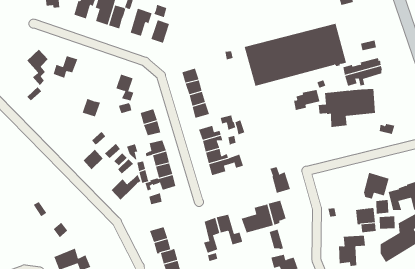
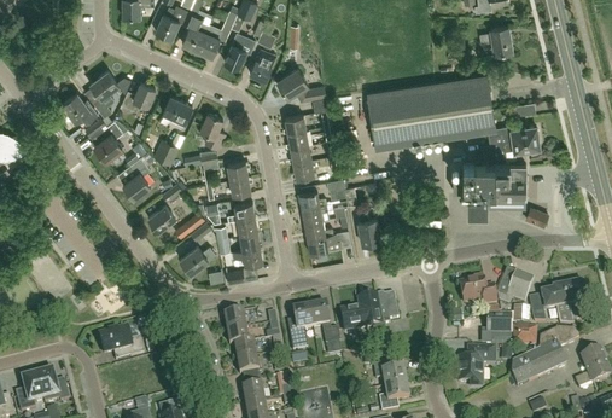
building: none -> [278,68,326,101]
building: none -> [163,95,192,126]
building: none -> [63,93,99,123]
building: none -> [94,121,123,161]
building: [294,89,320,111] -> none
building: none -> [123,157,151,198]
building: [270,167,291,193] -> [357,210,381,244]
building: none -> [460,275,496,304]

